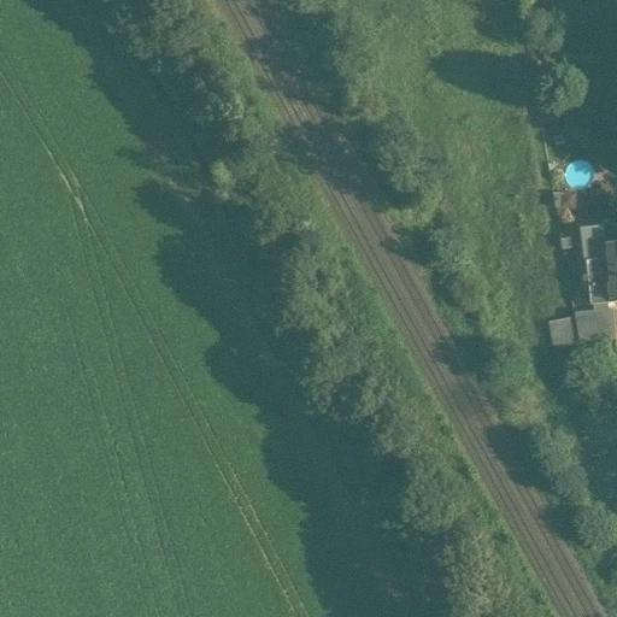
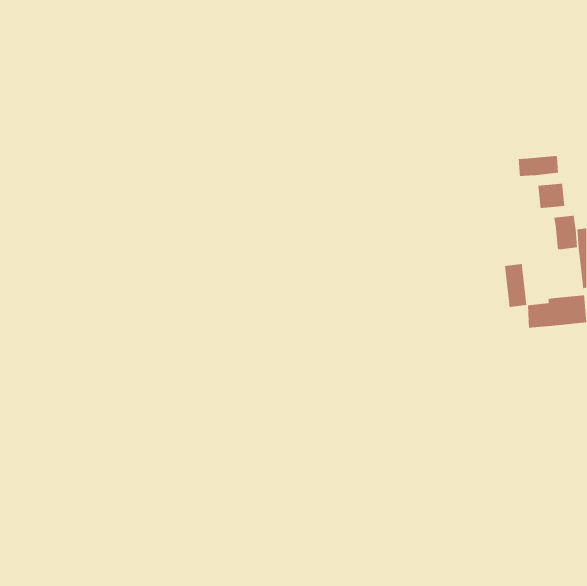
building: none -> [518,155,559,177]
building: [586,259,610,305] -> [504,264,527,307]

